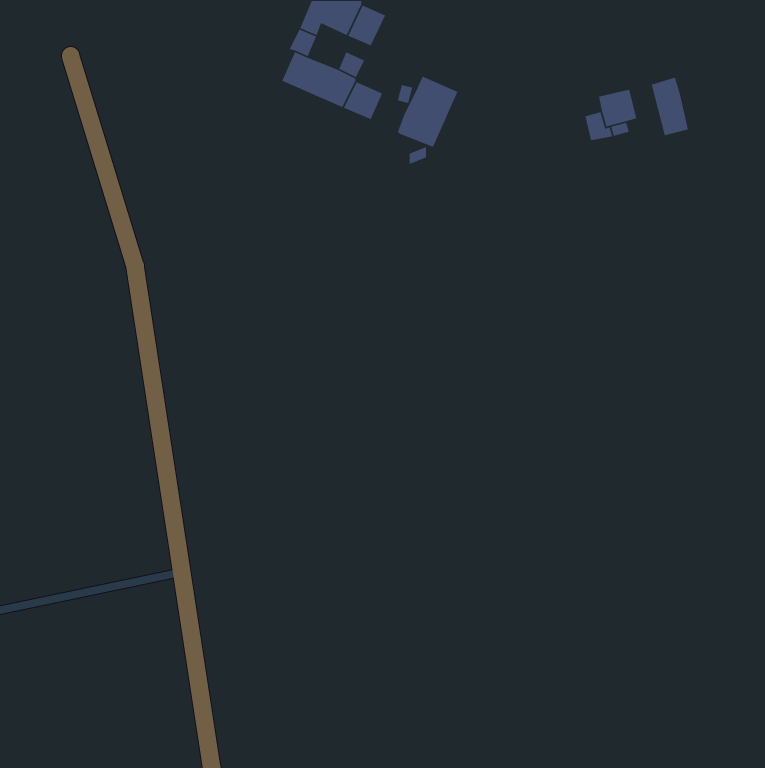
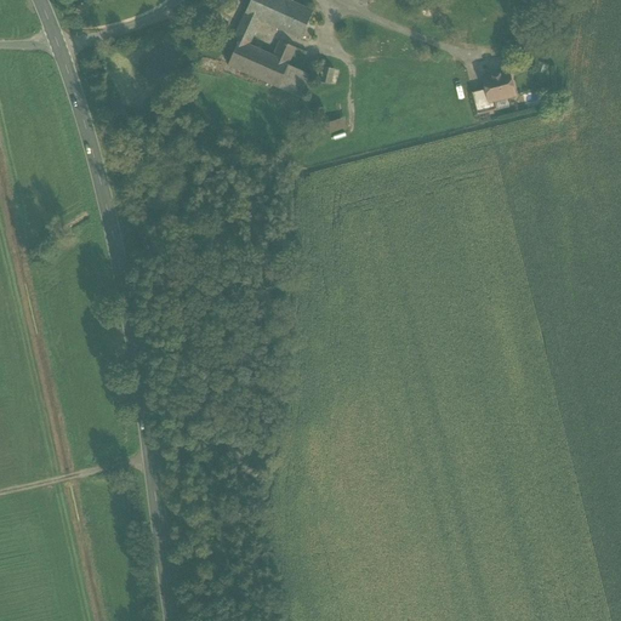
building: [397,76,459,148] -> none
building: [651,77,689,136] -> none

